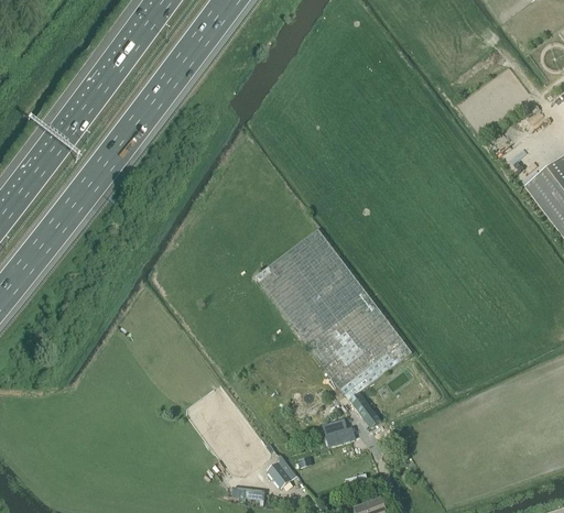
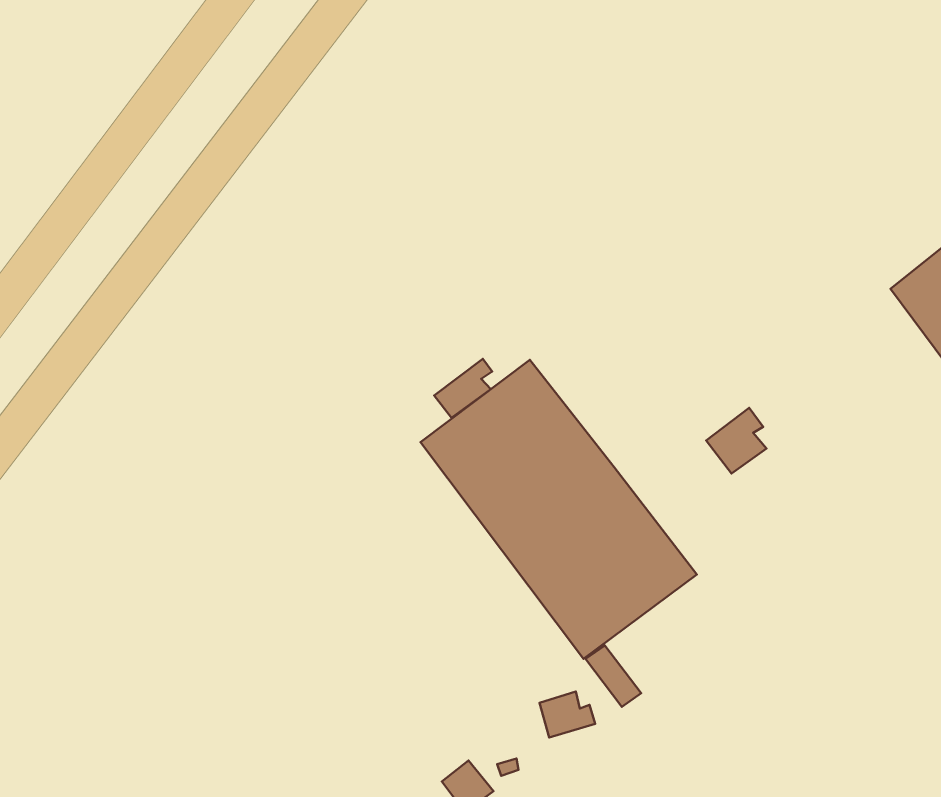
building: none -> [434,359,492,418]
building: none -> [706,408,767,474]

